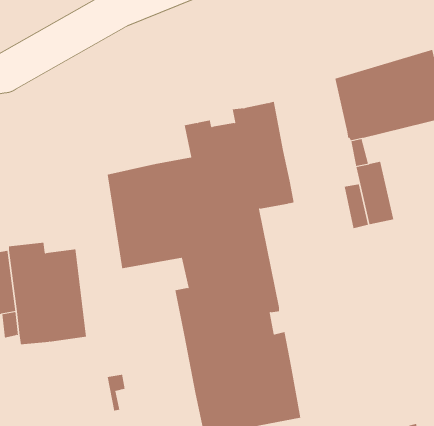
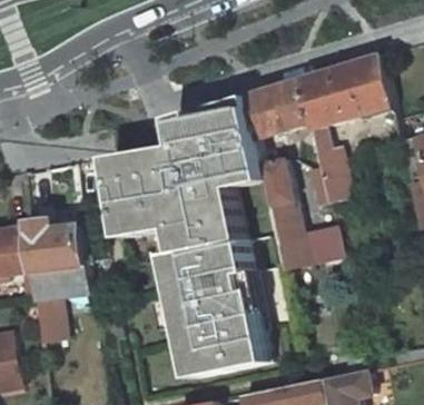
building: none -> [247,78,307,138]
building: none -> [260,159,342,269]
building: none -> [34,298,65,342]

